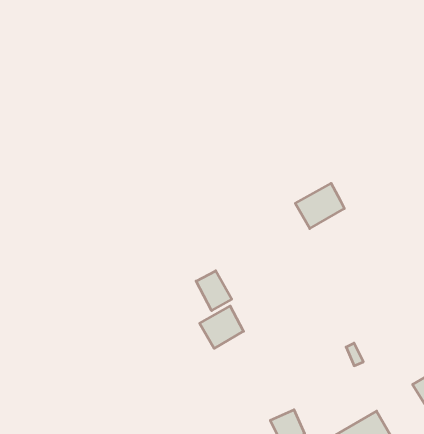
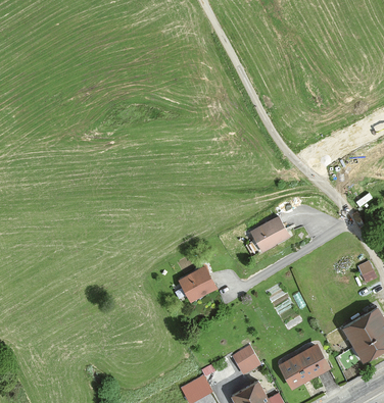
building: [295,183,344,229] -> [250,216,288,251]
building: [196,271,232,311] -> none

